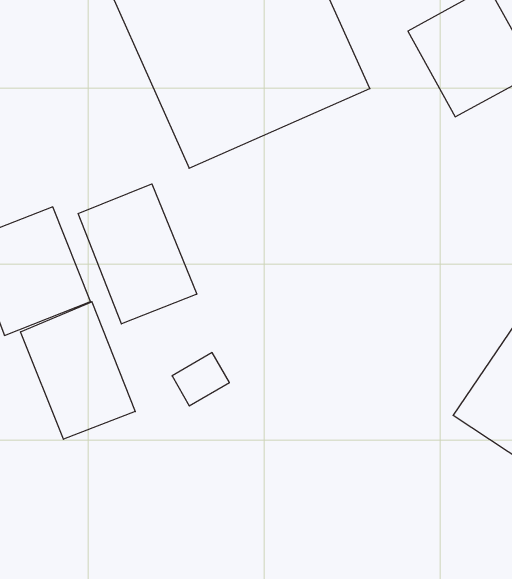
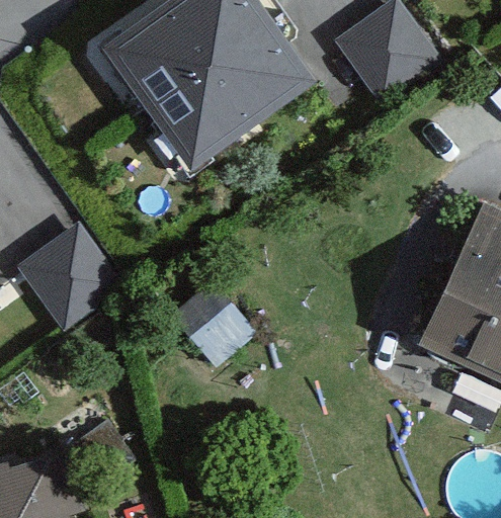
building: [78,184,197,324] -> none
building: [21,302,135,439] -> none

